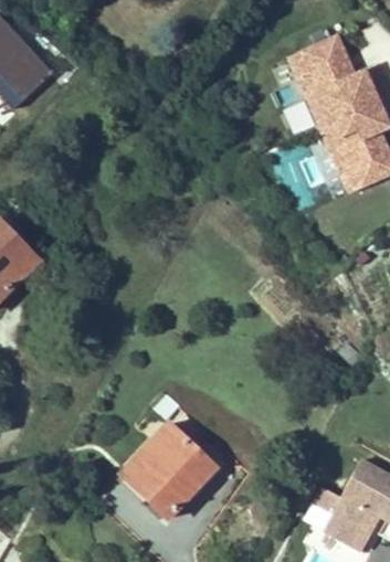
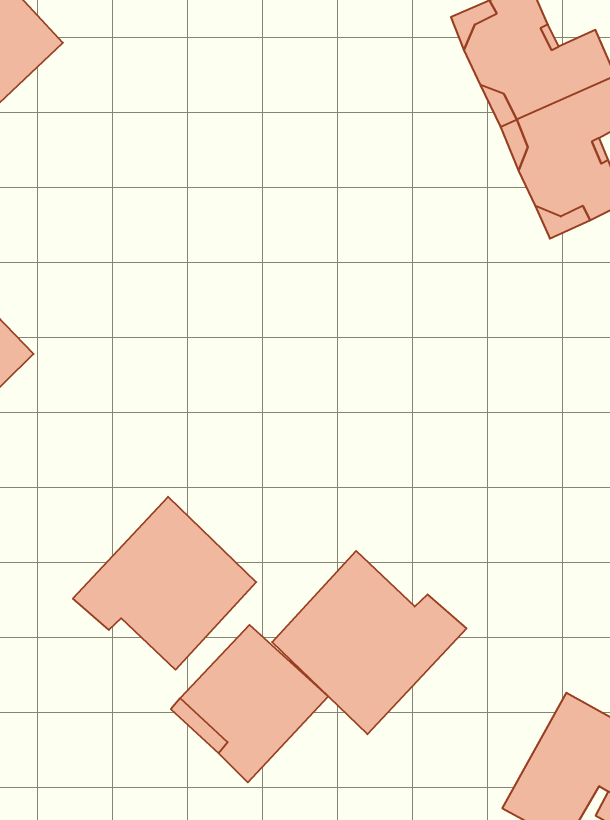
building: none -> [73,497,256,670]
building: none -> [272,551,466,734]

